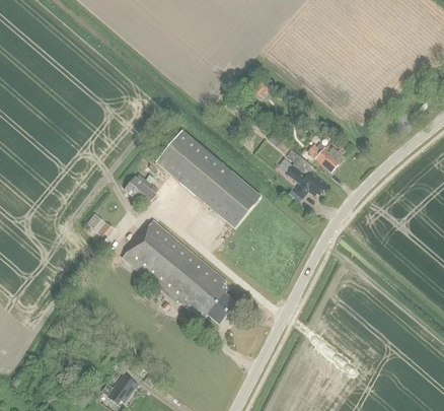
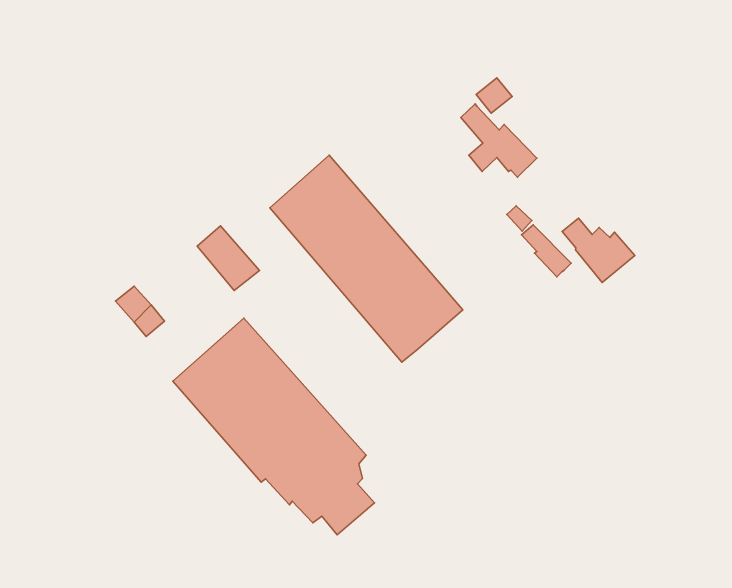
building: [287,161,328,195] -> [461,104,537,177]

